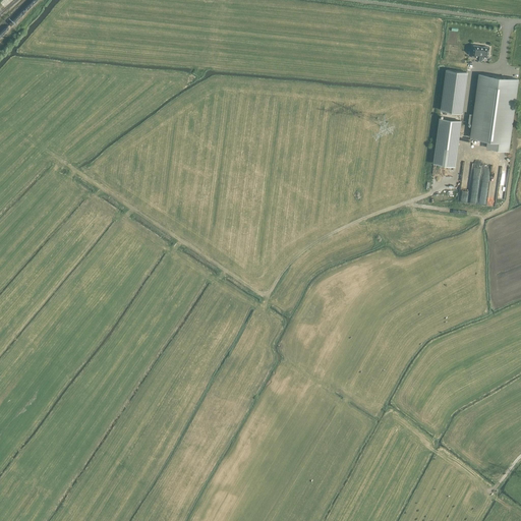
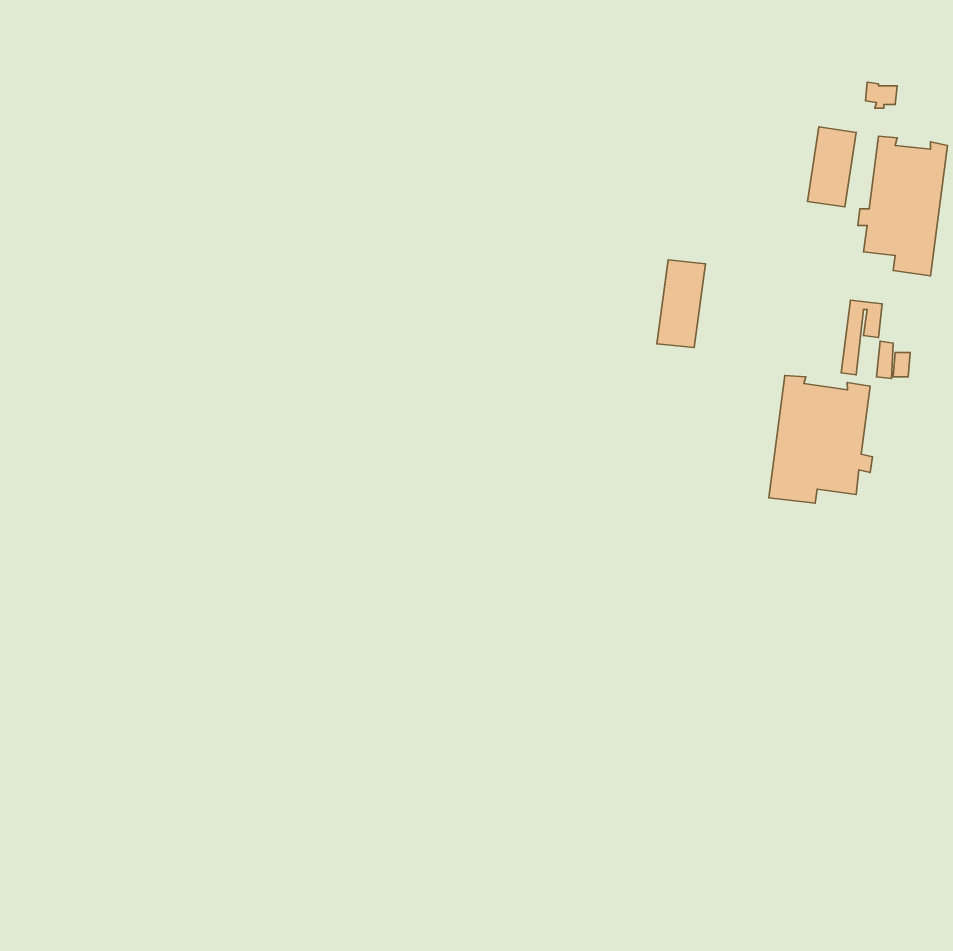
building: [433,119,460,167] -> [657,260,705,348]
building: none -> [769,376,872,503]

